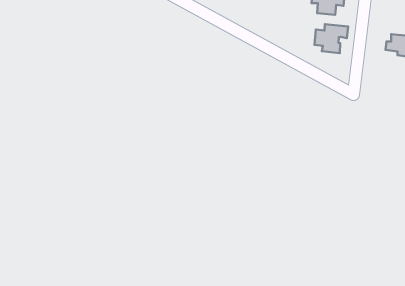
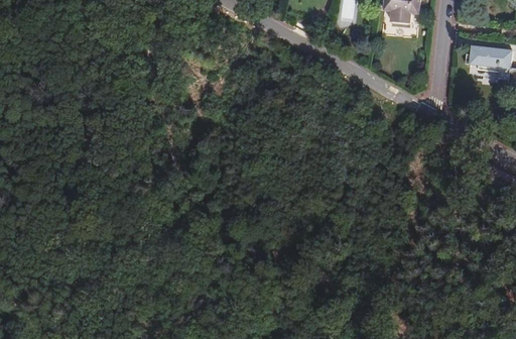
building: [314,24,348,53] -> none

